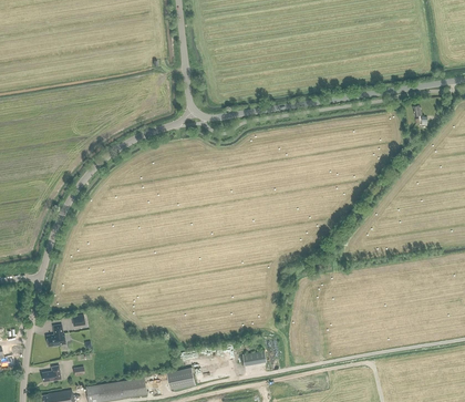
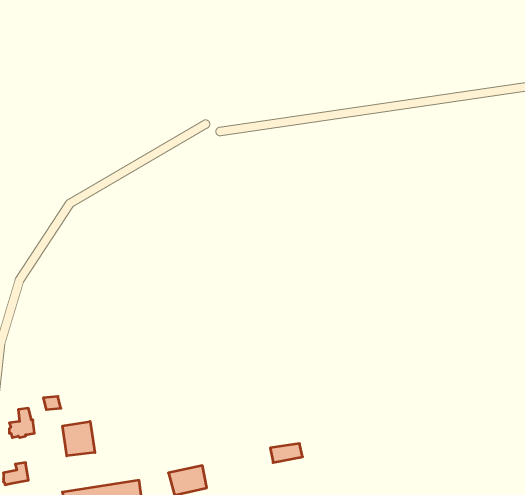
building: none -> [63,421,95,456]

